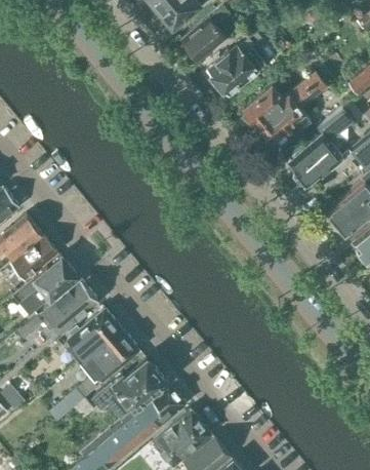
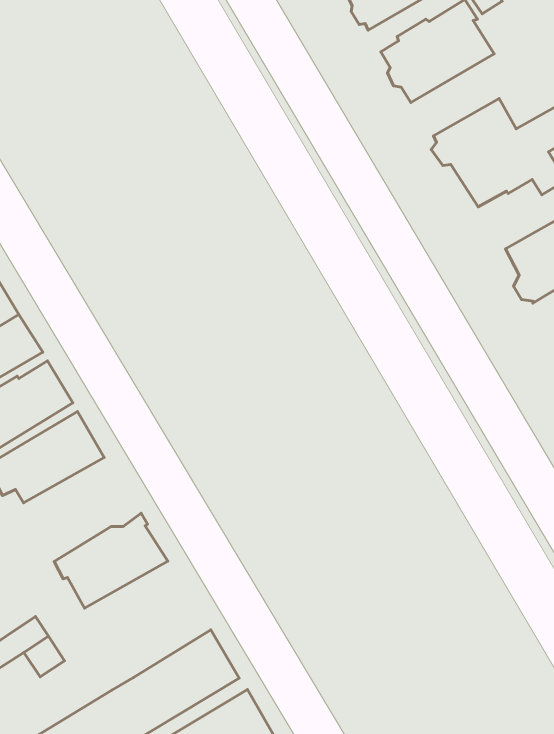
building: [66,308,121,359] -> none
building: [91,358,165,421] -> none

